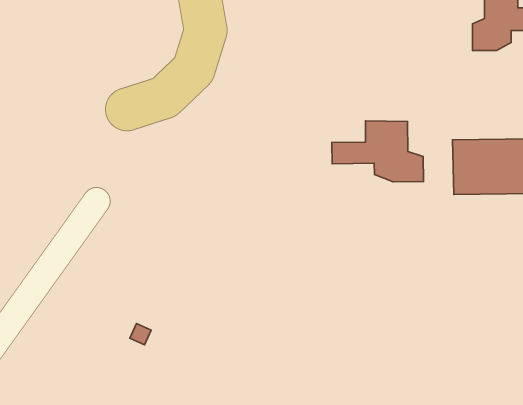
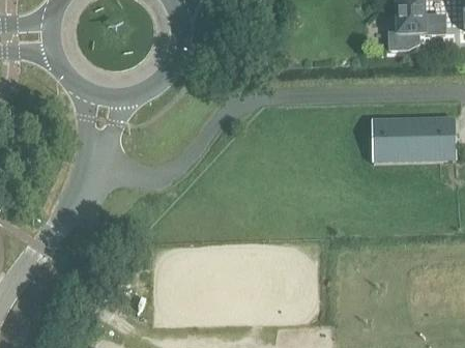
building: [332,121,423,182] -> none

